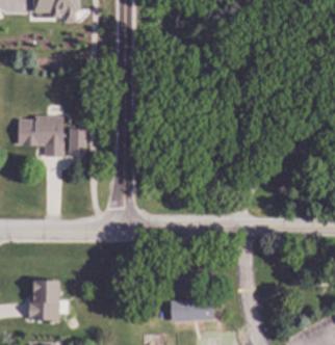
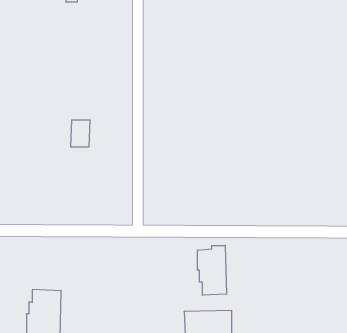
building: [19,117,65,157] -> none
building: none -> [197,245,226,295]

